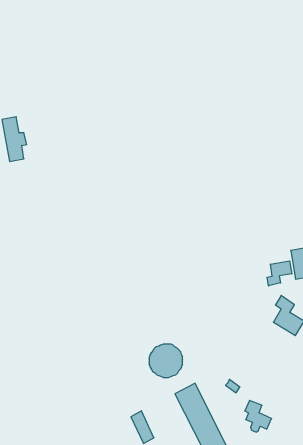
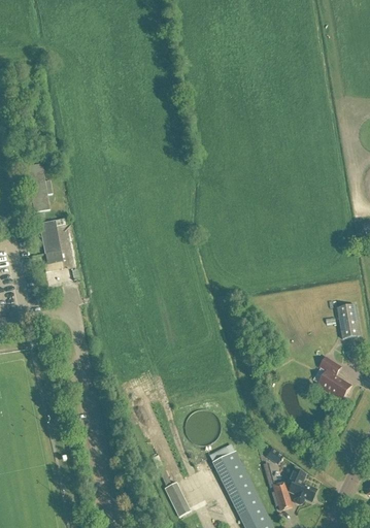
building: none -> [39,220,61,253]
building: [267,261,292,286] -> none
building: none -> [262,461,291,508]

